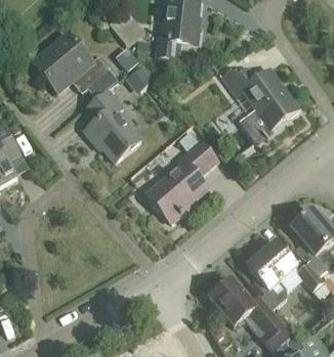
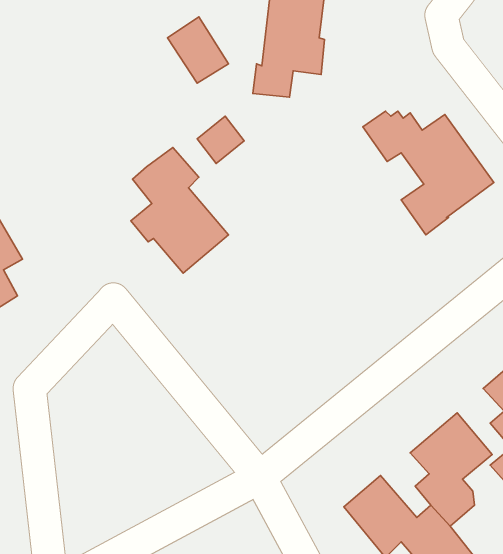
building: [33,34,109,91] -> none
building: [145,132,217,222] -> none

